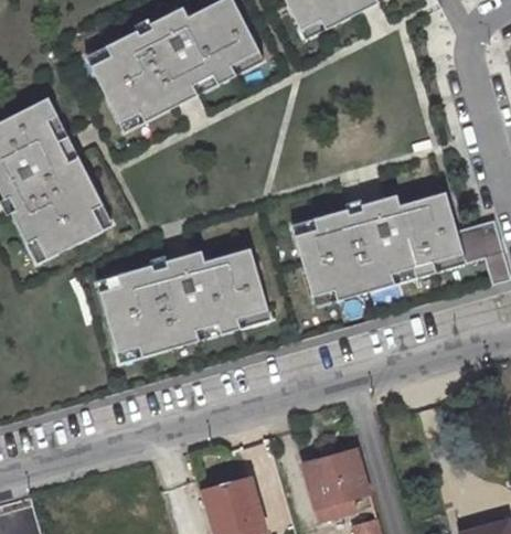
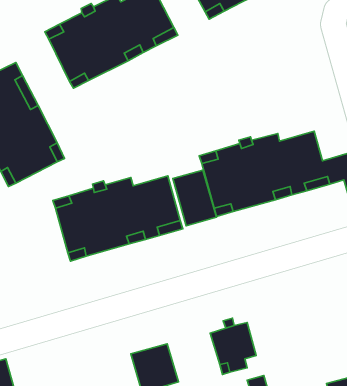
building: none -> [173,170,217,226]

